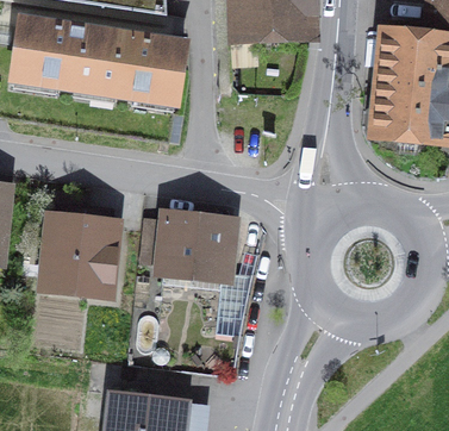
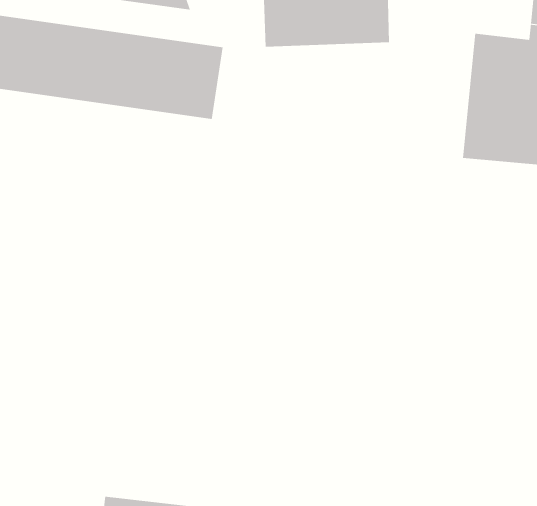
building: [37,211,123,299] -> none
building: [150,211,239,285] -> none

